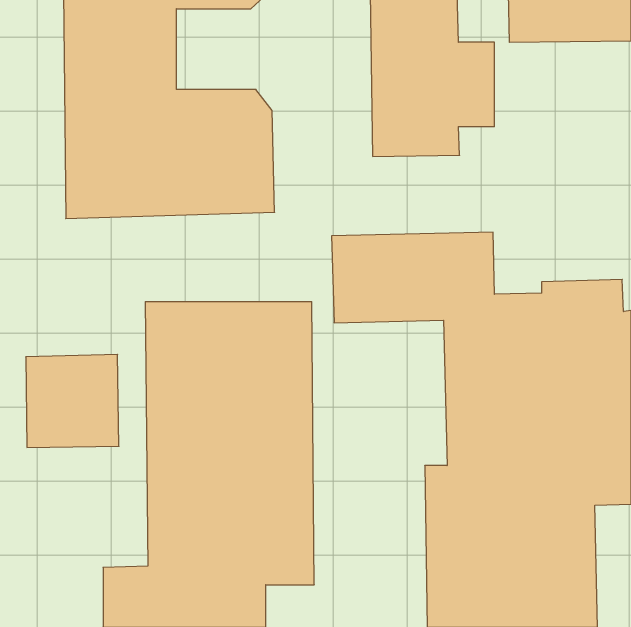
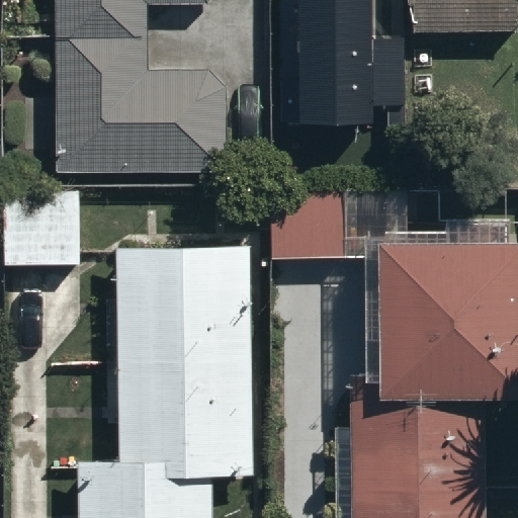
building: [26,354,119,447] -> [7,188,83,264]

